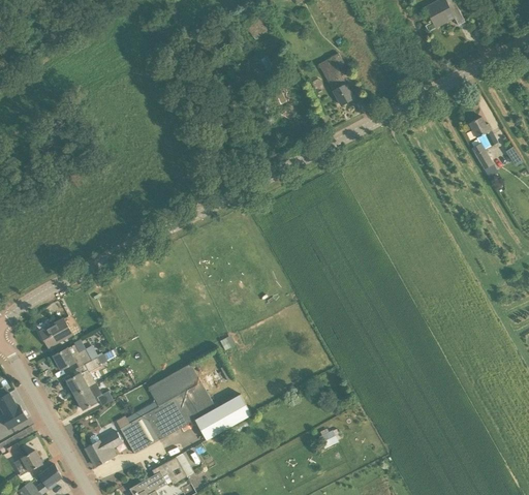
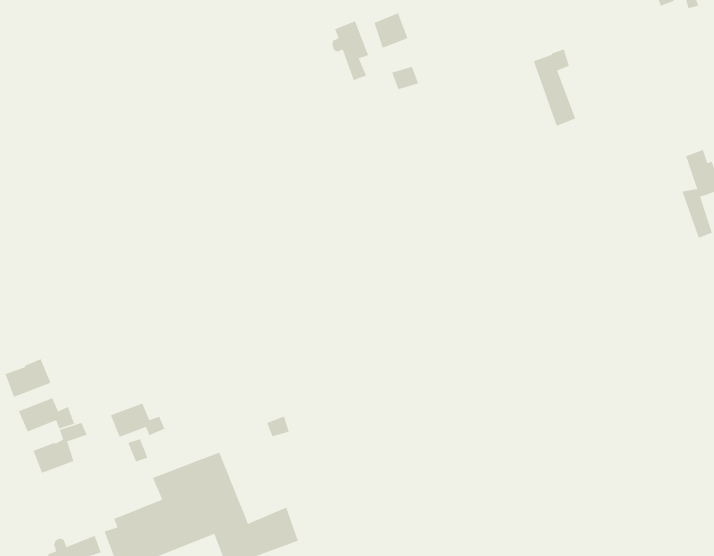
building: [318,53,352,105] -> [533,48,576,127]
building: none -> [331,20,369,81]
building: [73,384,112,410] -> [110,402,166,438]

